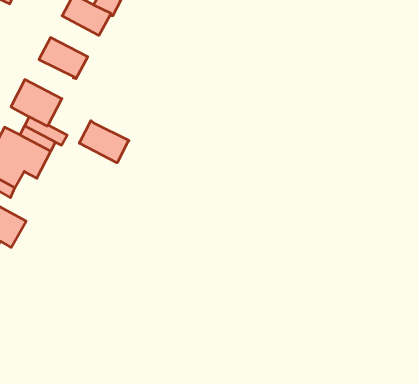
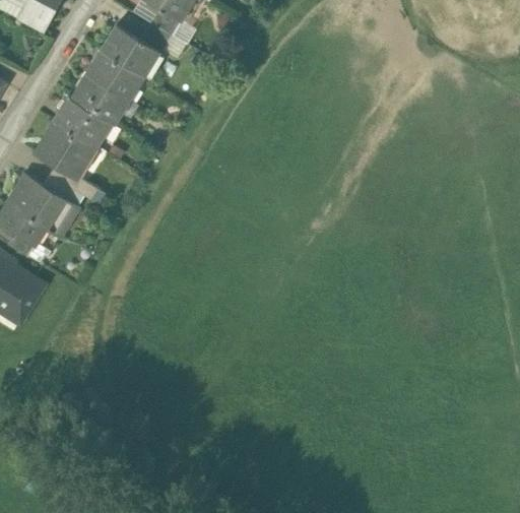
building: none -> [87,49,143,99]
building: [79,121,129,162] -> [54,94,112,145]

